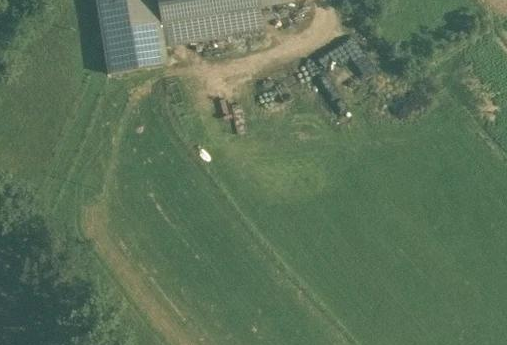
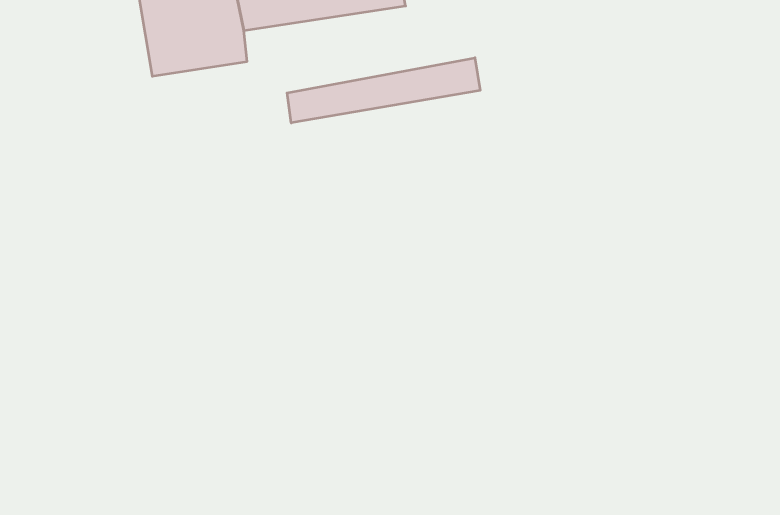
building: none -> [287,58,480,123]

